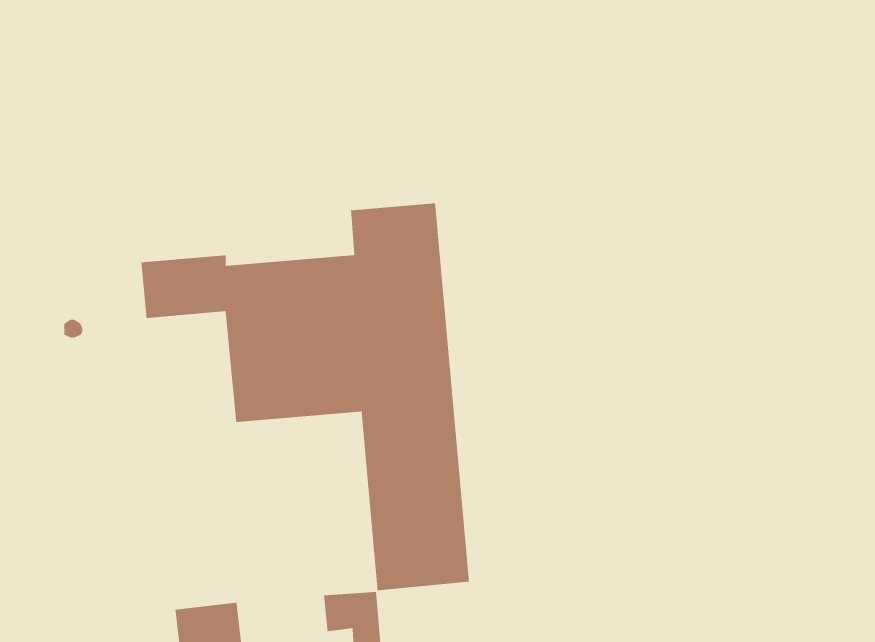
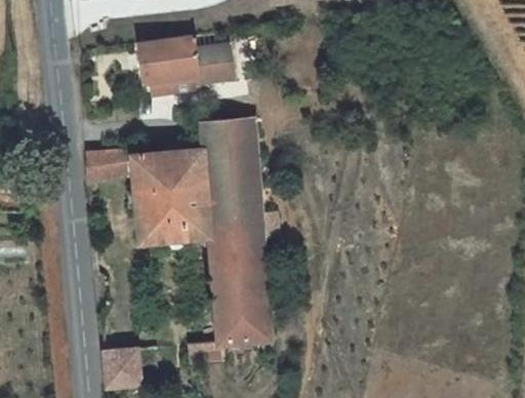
building: none -> [142,36,229,90]

